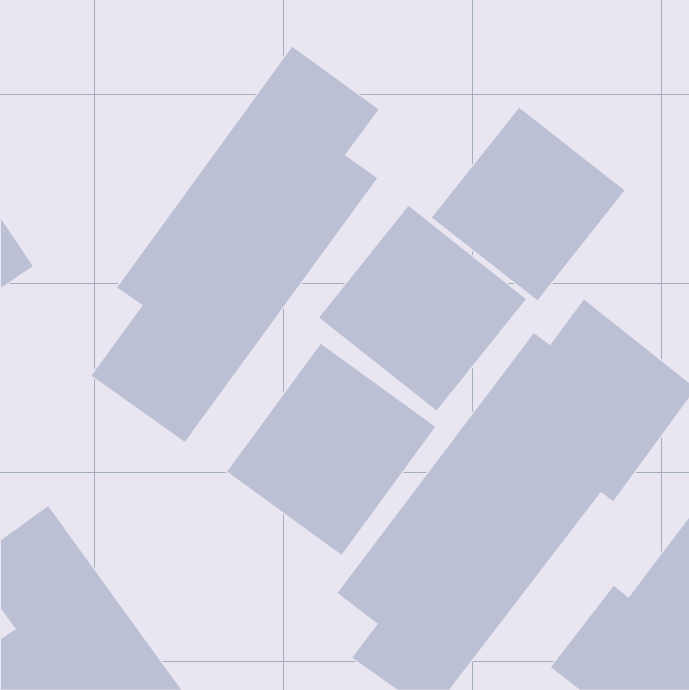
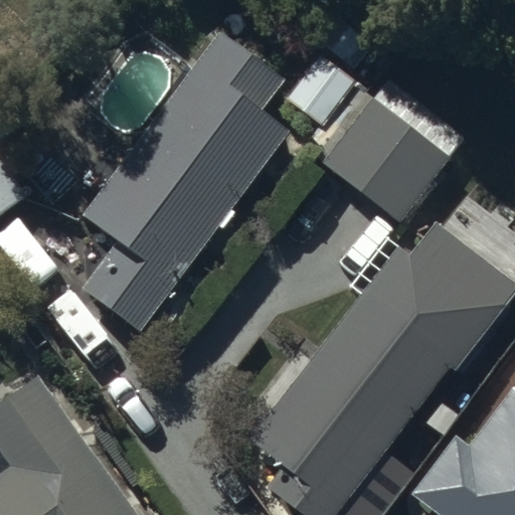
building: [318,205,527,412] -> none
building: [226,343,436,556] -> none

